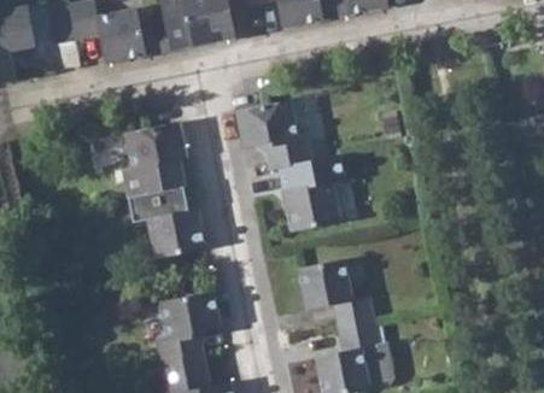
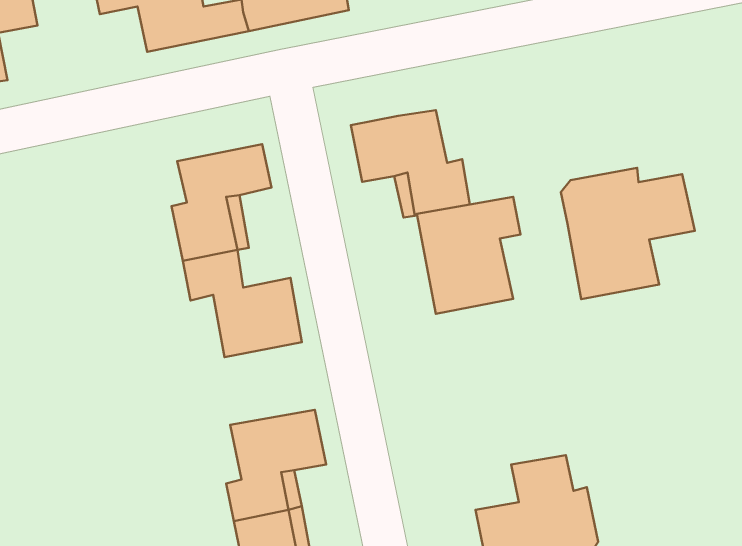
building: none -> [561,168,695,299]
building: [298,259,374,327] -> none

